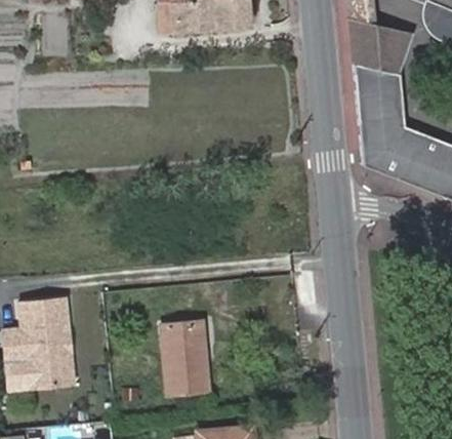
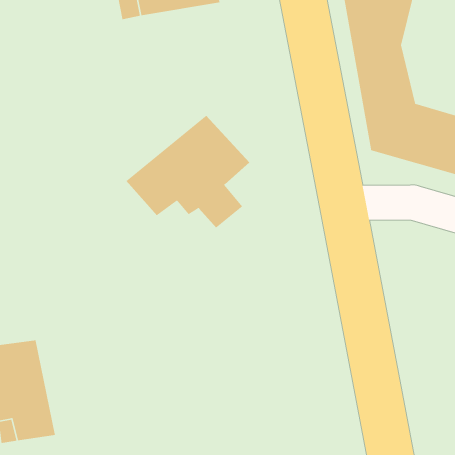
building: none -> [125,115,250,229]
building: [162,323,207,395] -> none

